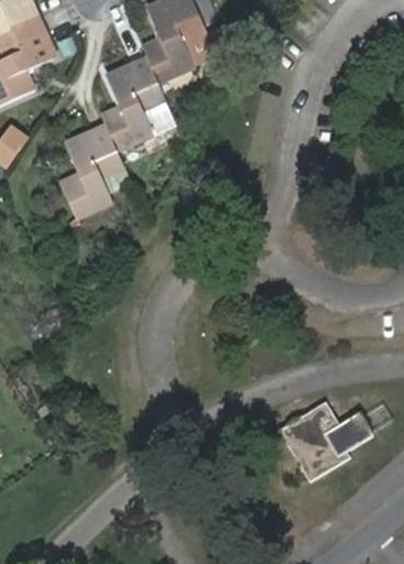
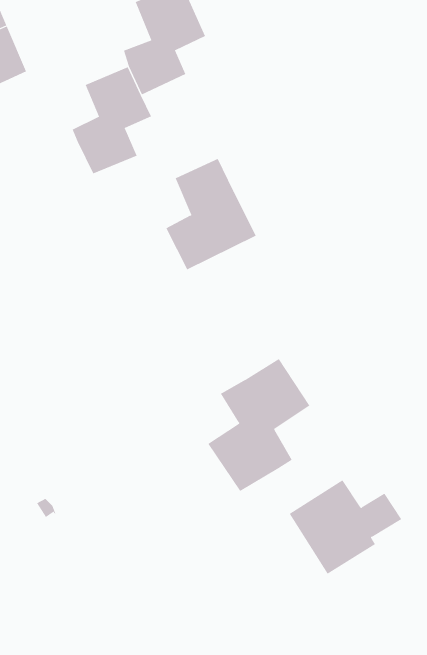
building: [58,119,134,213] -> [166,158,256,270]
building: none -> [207,358,310,492]

